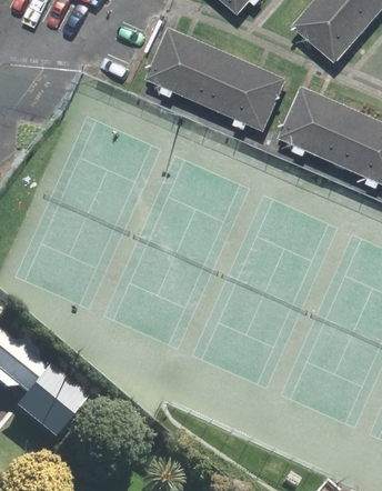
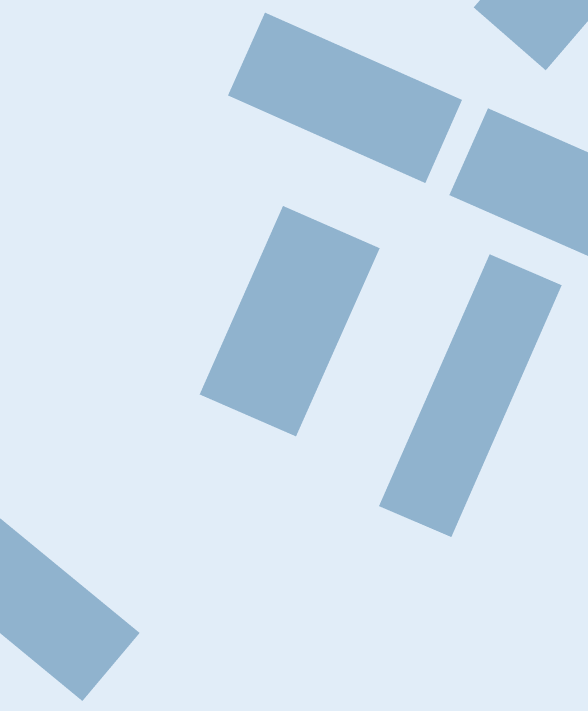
building: none -> [199,205,381,438]
building: none -> [378,253,563,538]

